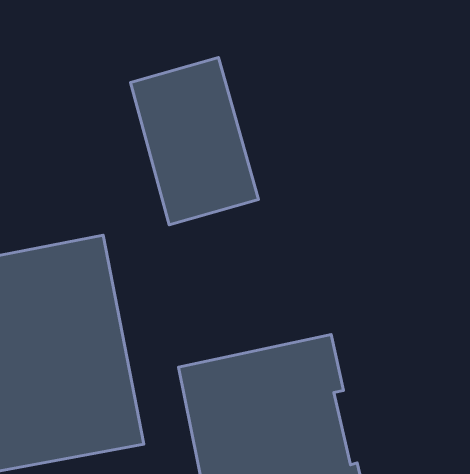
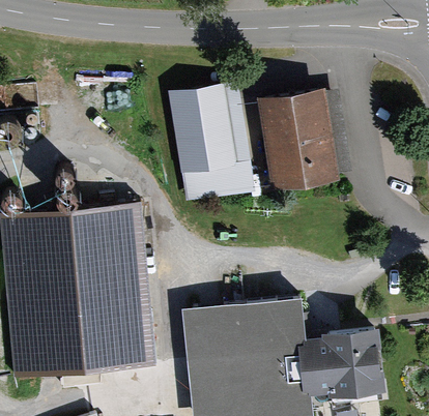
building: none -> [258,87,338,187]
building: none -> [297,325,387,396]

